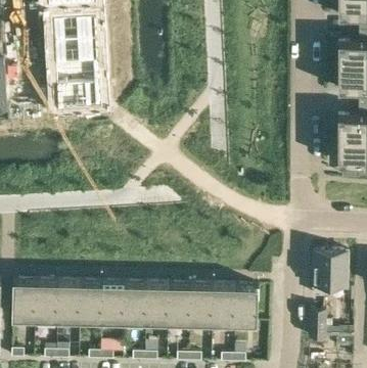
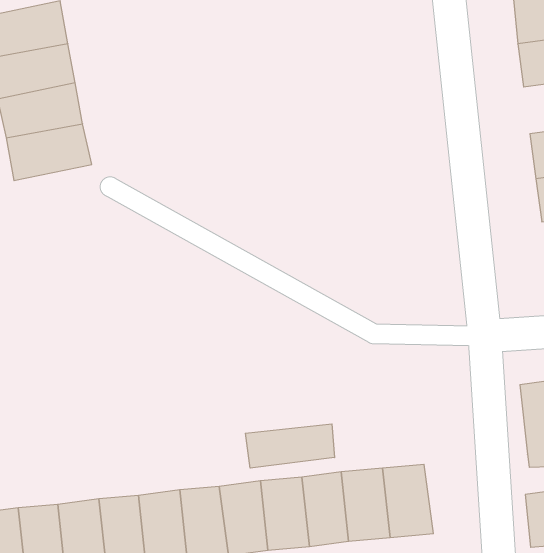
building: none -> [245,424,335,468]

